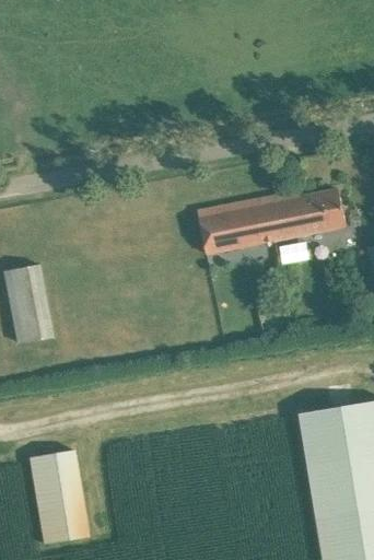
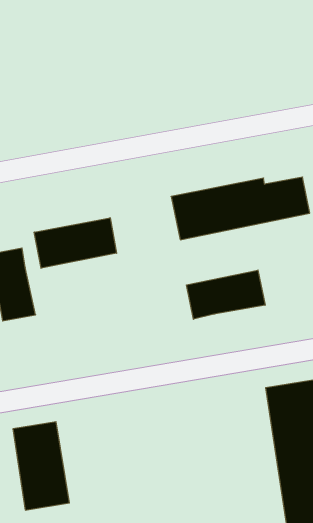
building: none -> [34,218,117,268]
building: none -> [187,270,265,319]

